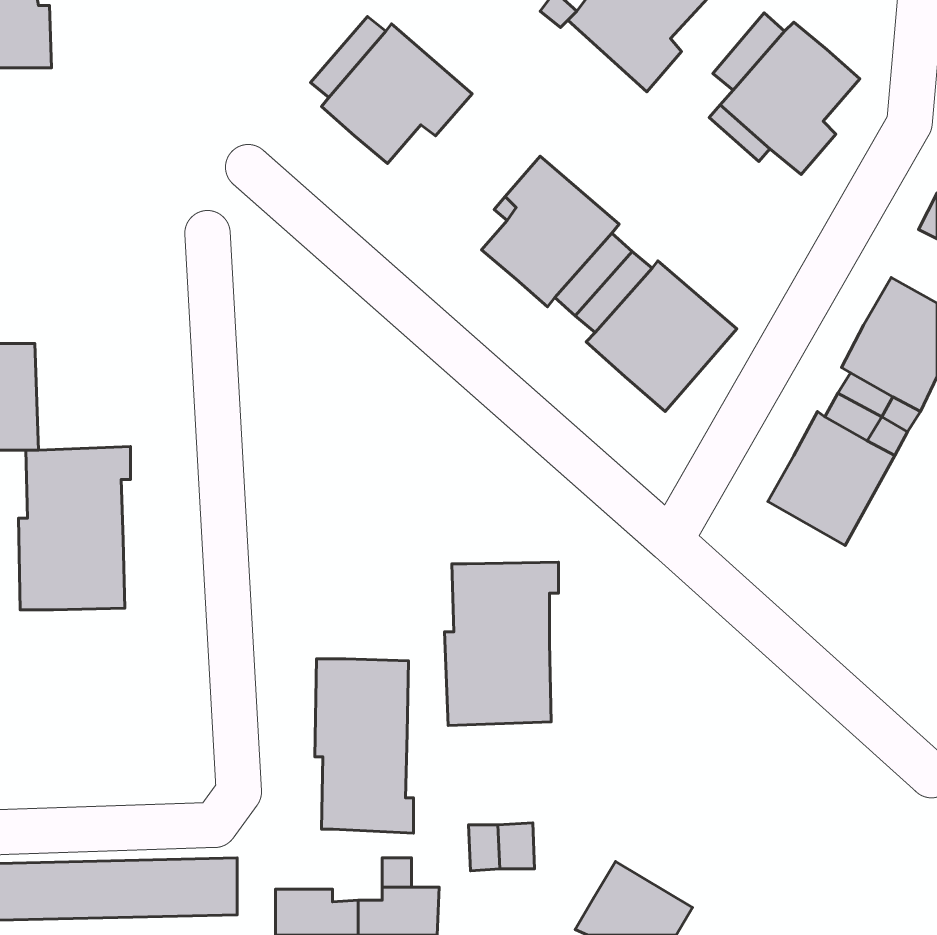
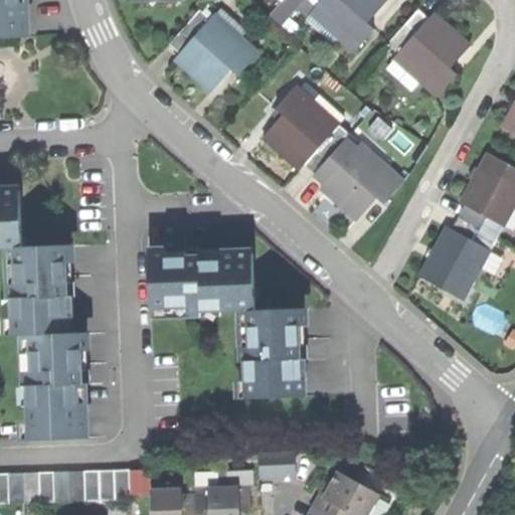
building: none -> [149,248,255,311]
building: none -> [26,332,88,438]
building: [315,659,414,833] -> none

